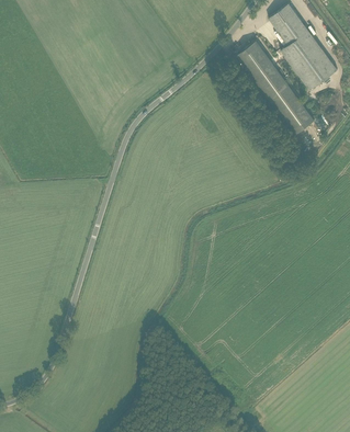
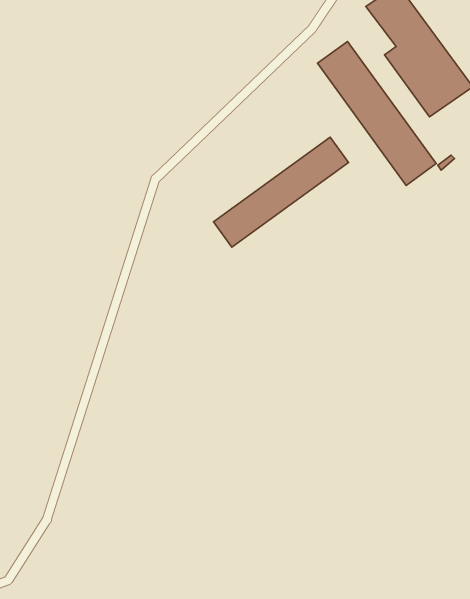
building: none -> [213,137,349,247]

